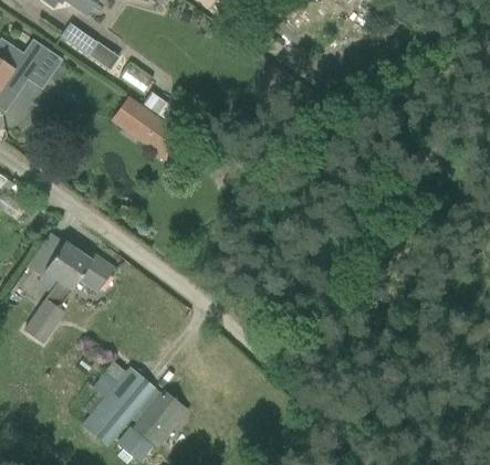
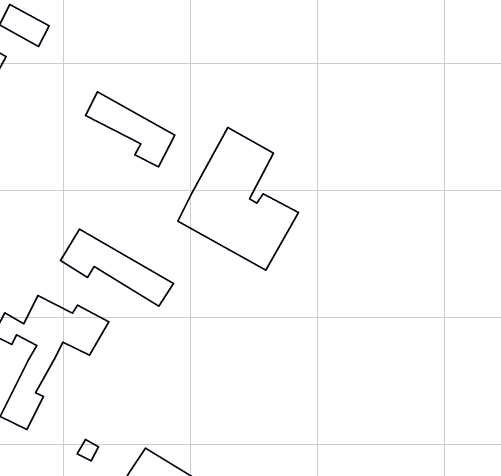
building: none -> [178,127,299,270]
building: none -> [60,229,173,306]

